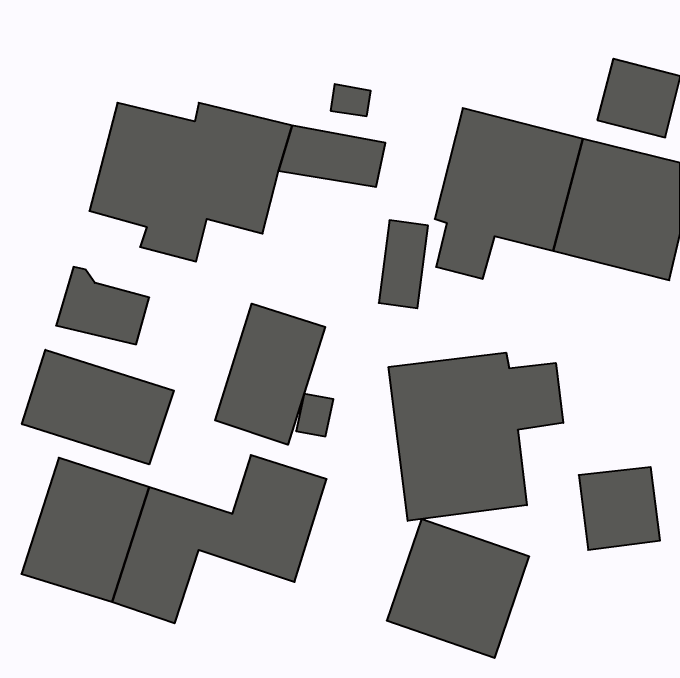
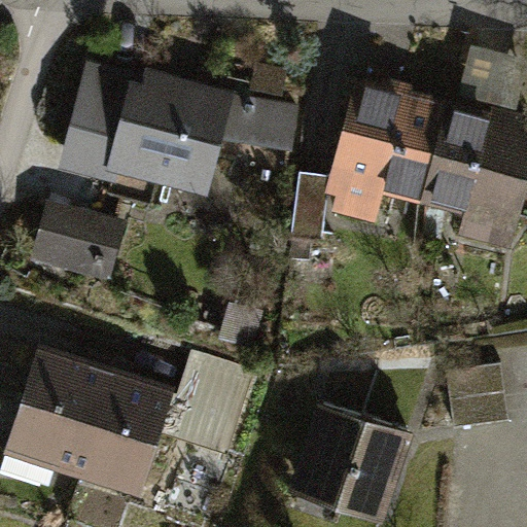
building: [215,304,325,445] -> none
building: [22,350,174,464] -> none
building: [389,353,563,521] -> none

